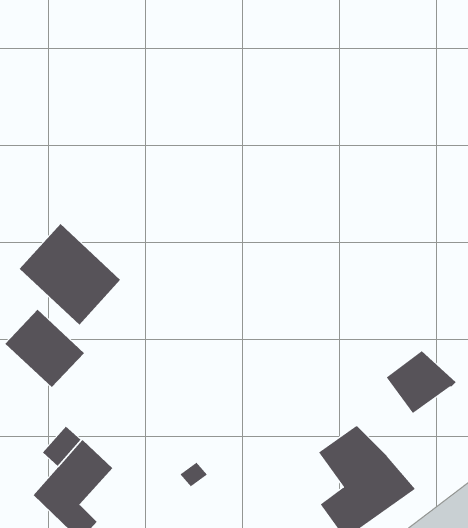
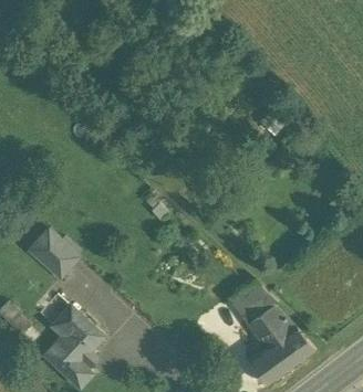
building: [19,223,121,325] -> none
building: [386,351,457,414] -> [227,280,277,325]

